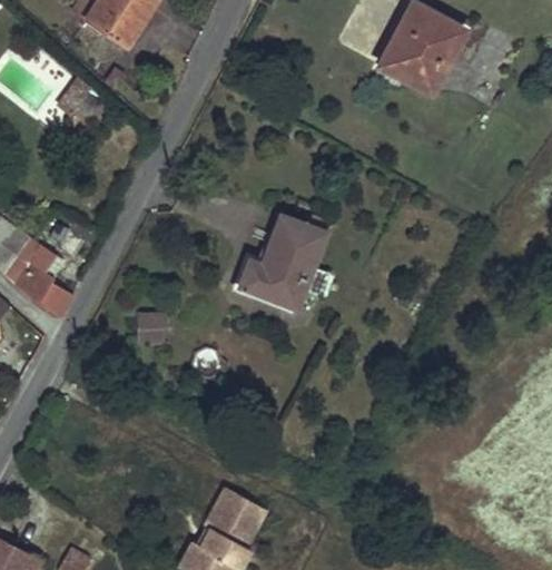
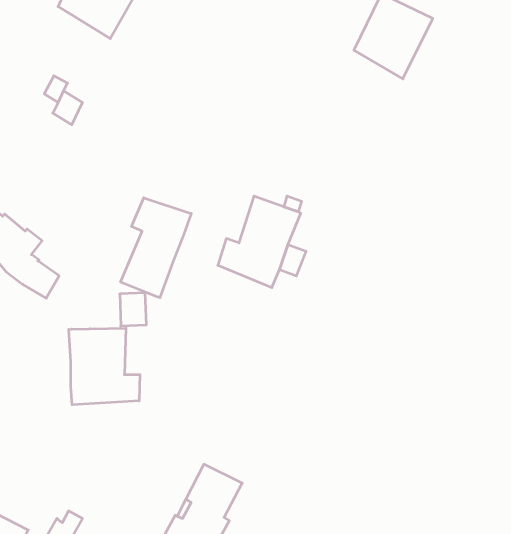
building: none -> [121,198,191,298]
building: none -> [69,328,140,405]

